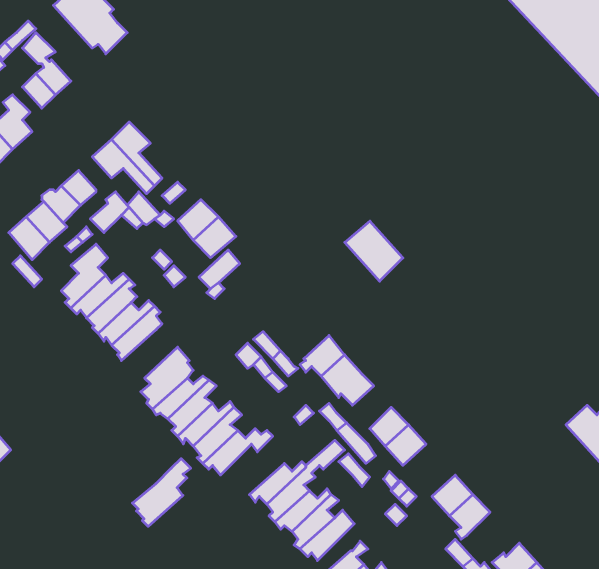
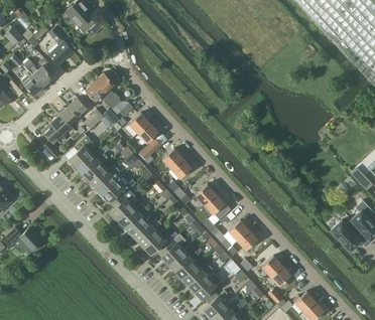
building: [345,221,403,281] -> [161,147,192,178]
building: none -> [100,178,135,204]
building: [132,459,191,526] -> [158,229,189,265]

